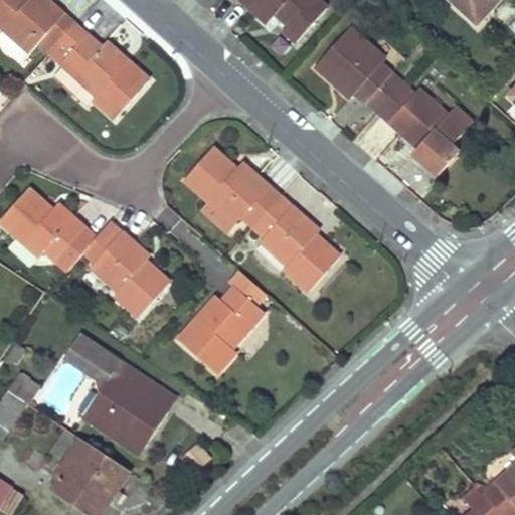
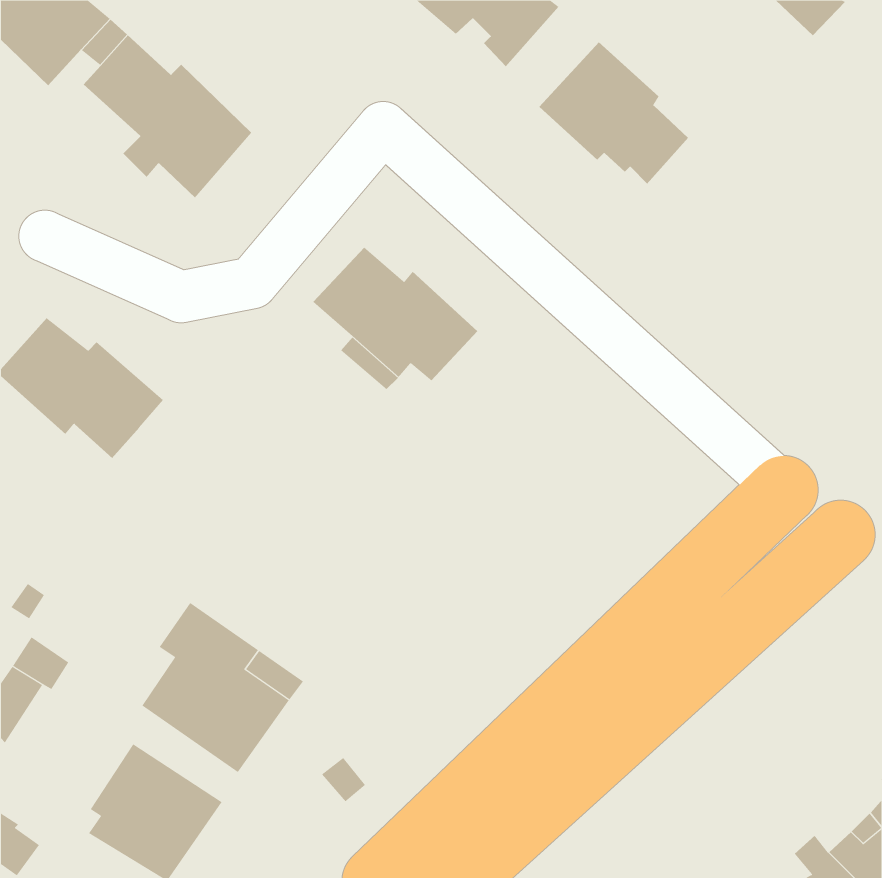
building: [377,82,472,175] -> none
building: [251,195,339,291] -> none
building: [81,220,169,316] -> none
building: [176,268,263,371] -> none
building: [63,334,111,379] -> none

